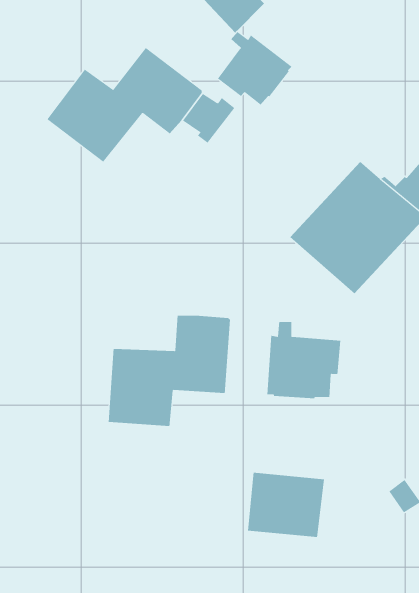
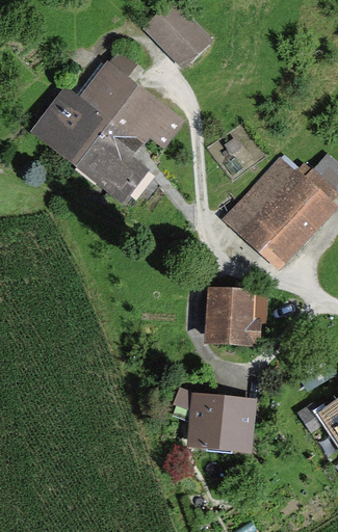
building: [217,31,292,105] -> none
building: none -> [81,124,144,193]
building: [108,315,230,427] -> none

